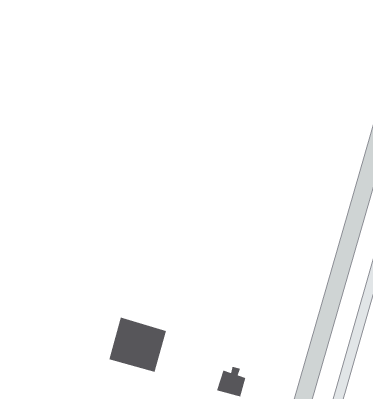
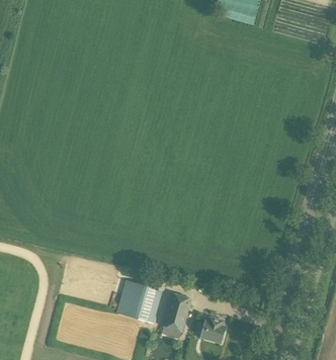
building: none -> [162,294,190,332]

